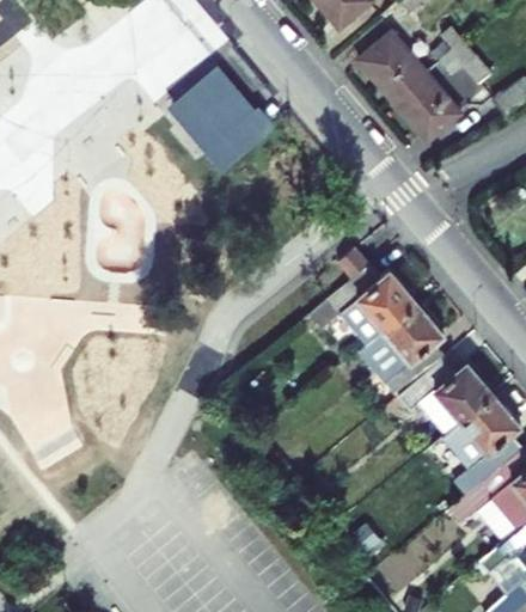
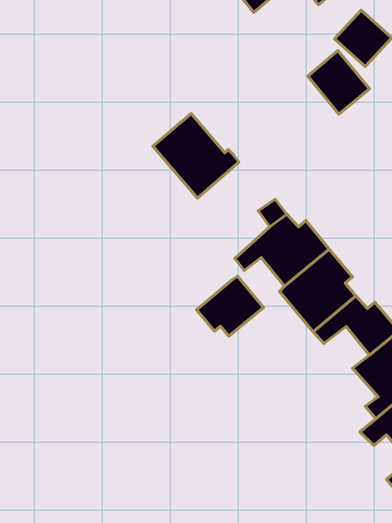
building: [355,33,426,106] -> none
building: [172,69,269,165] -> [153,113,239,198]
building: none -> [197,276,263,336]

